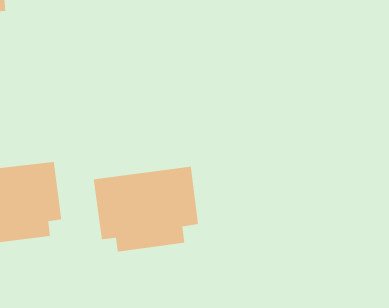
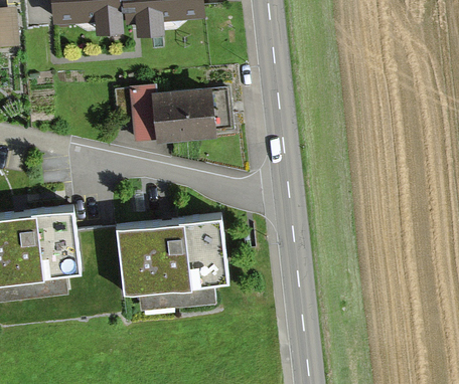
building: none -> [115,85,233,145]

